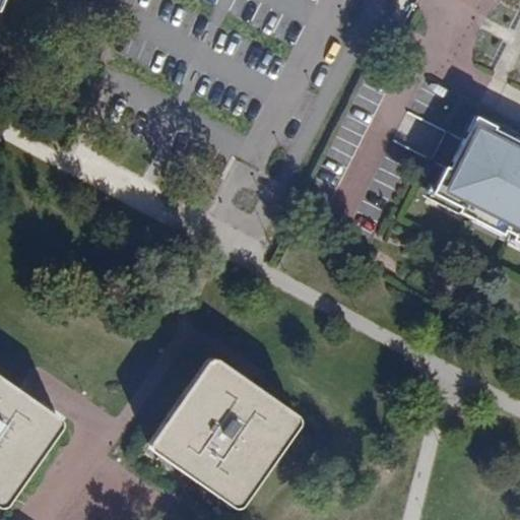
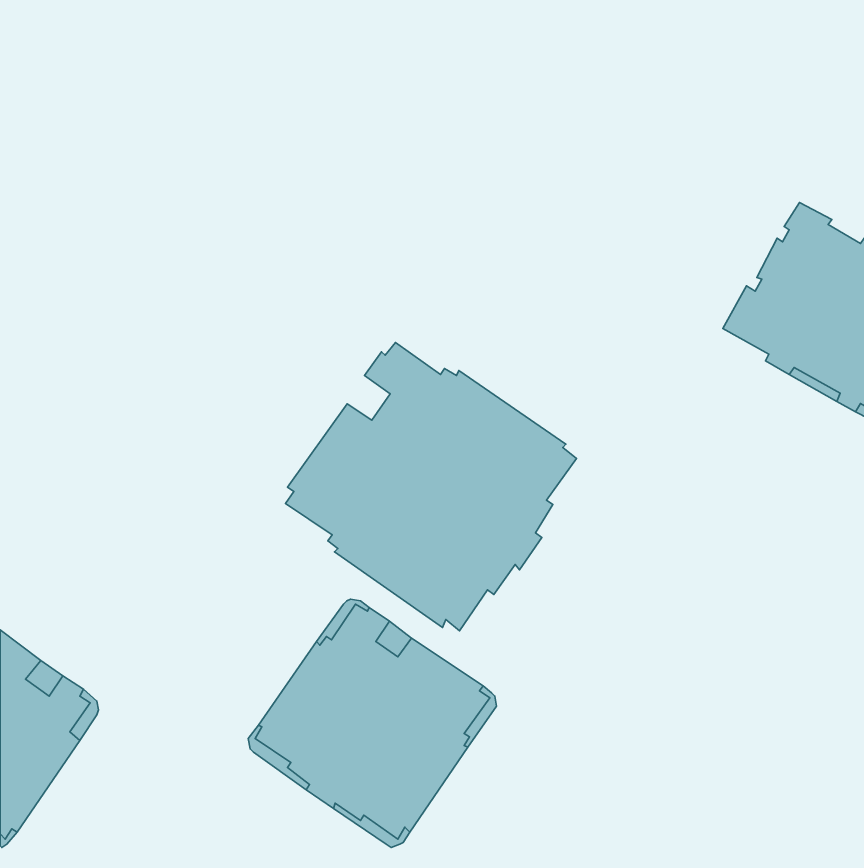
building: none -> [285,342,576,631]

